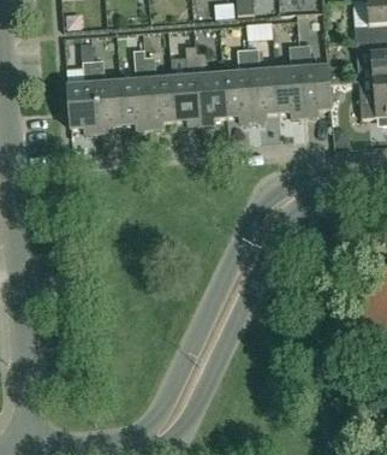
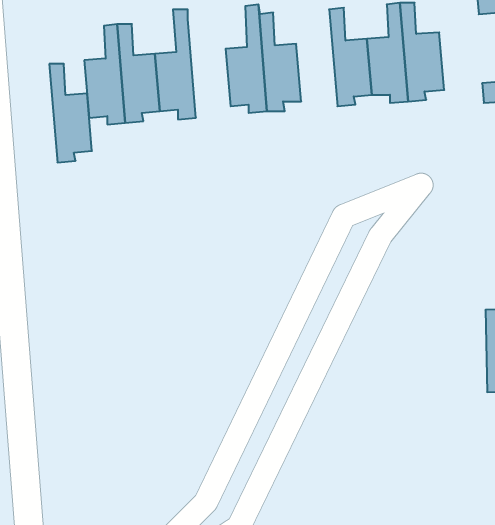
building: [224,48,254,120] -> none
building: [144,55,175,128] -> [49,64,92,162]

